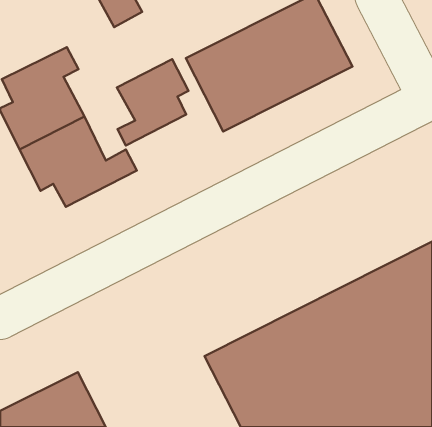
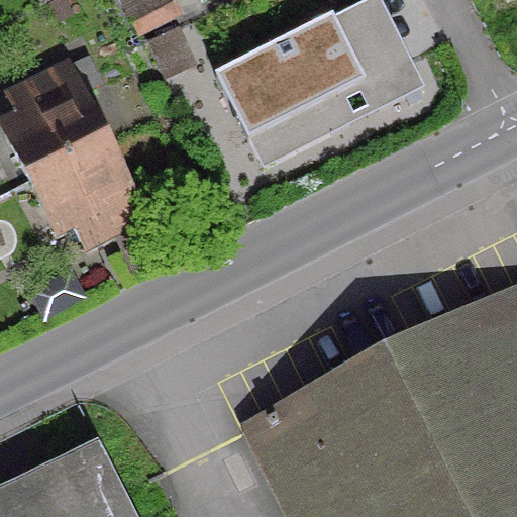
building: [117,59,189,146] -> none

